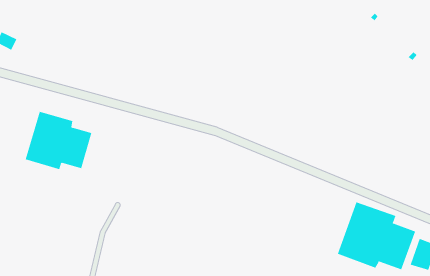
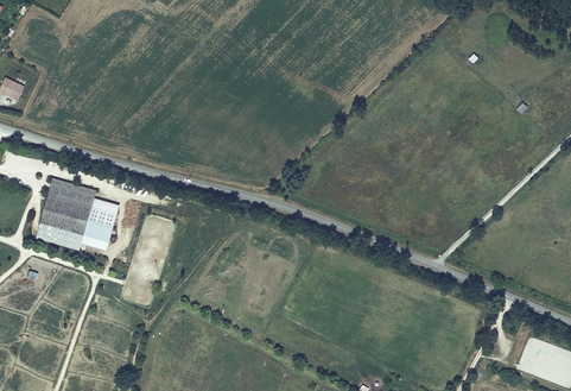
building: [337,202,416,270] -> none

